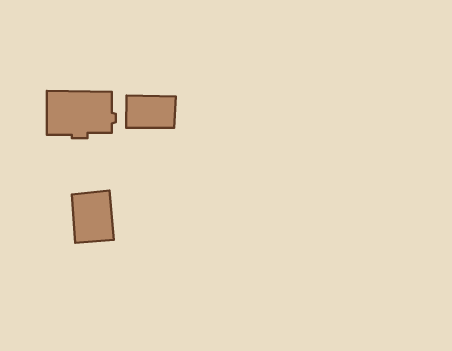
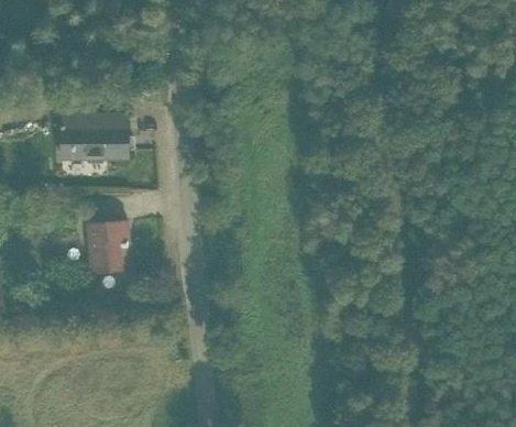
building: [126,96,176,128] -> none

